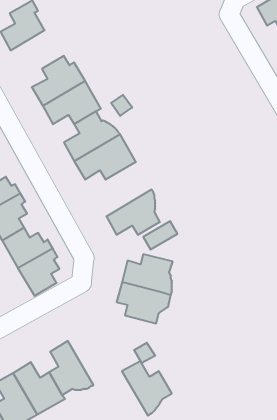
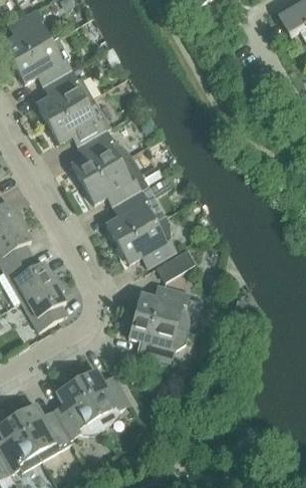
building: none -> [12,36,70,82]
building: none -> [104,184,166,243]
building: [122,361,172,416] -> [74,368,128,427]

